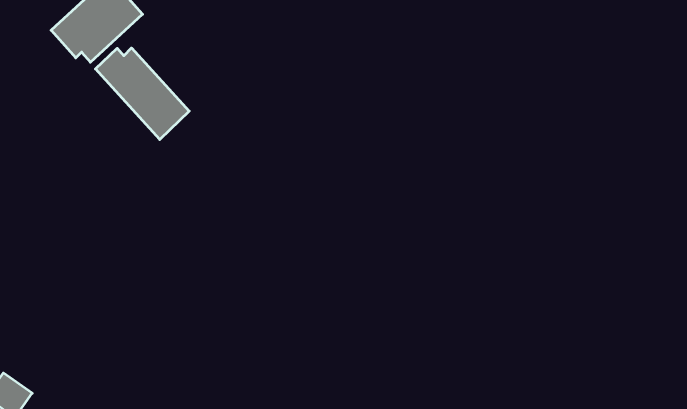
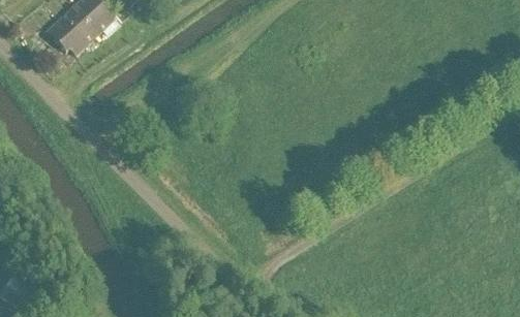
building: [95,48,189,140] -> none

